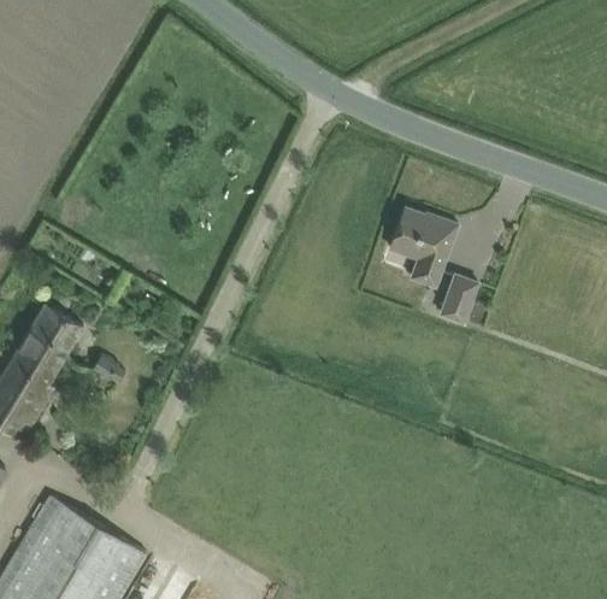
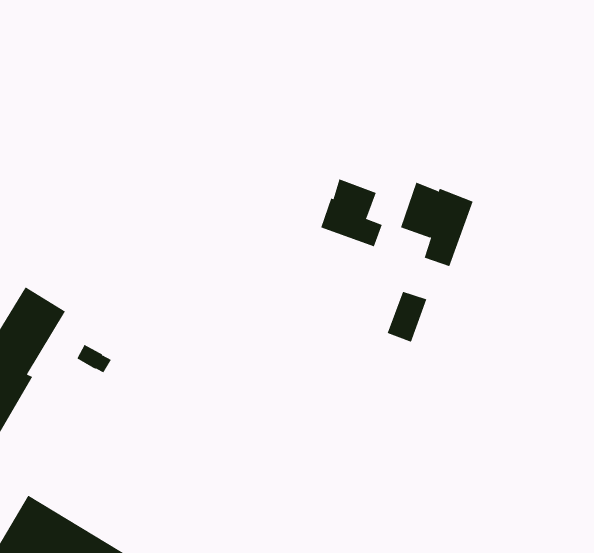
building: none -> [321,178,382,247]
building: [441,276,478,323] -> [387,291,427,342]

